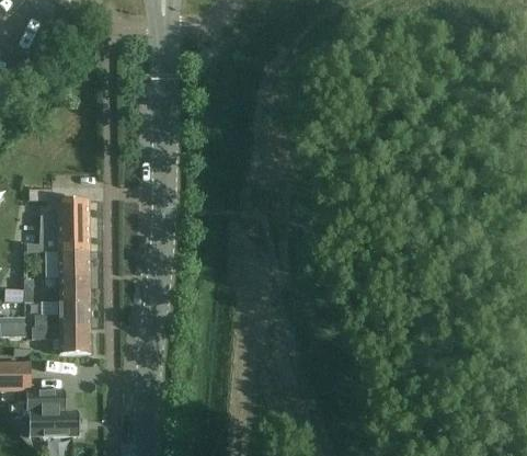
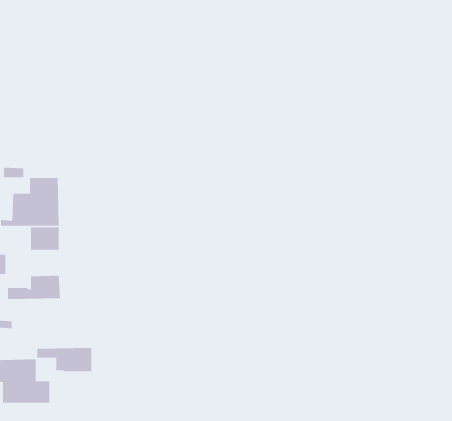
building: [58,275,89,301] -> none
building: [32,326,90,352] -> [37,347,92,372]

